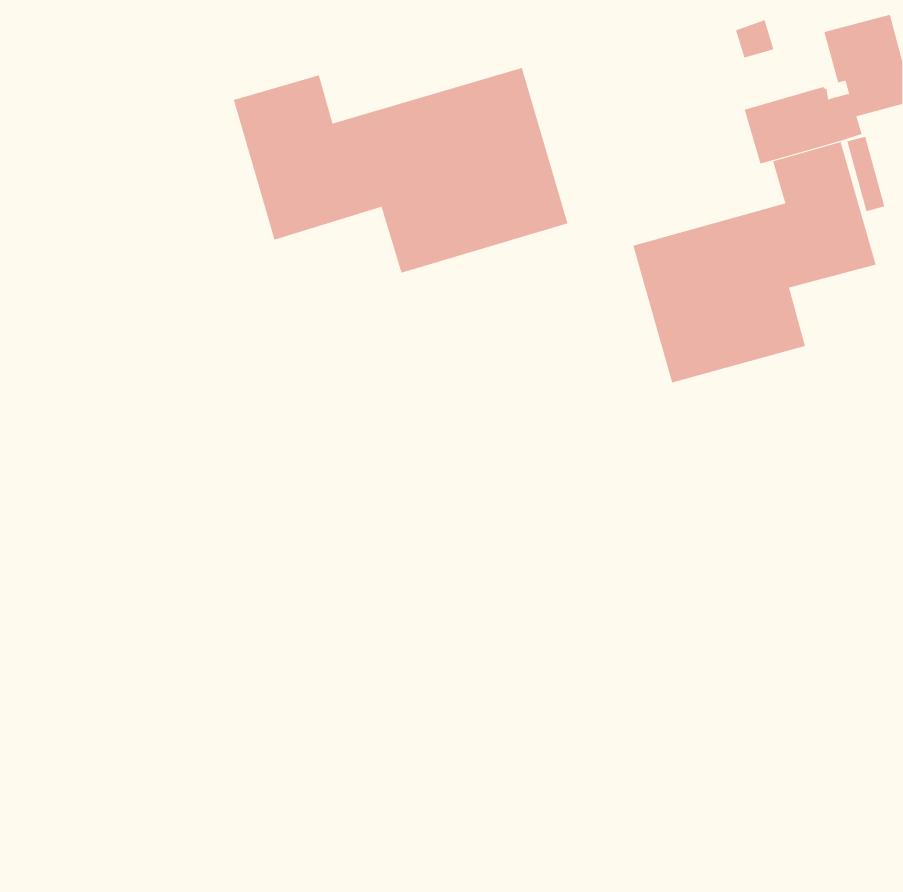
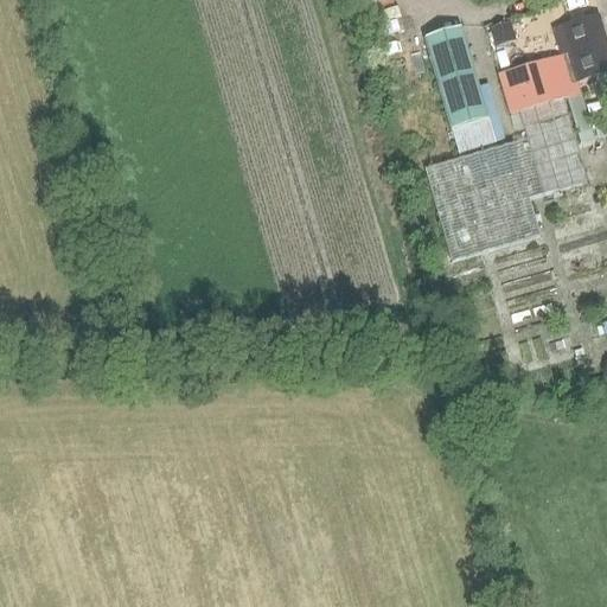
building: none -> [423,23,496,151]
building: [233,67,568,274] -> none

